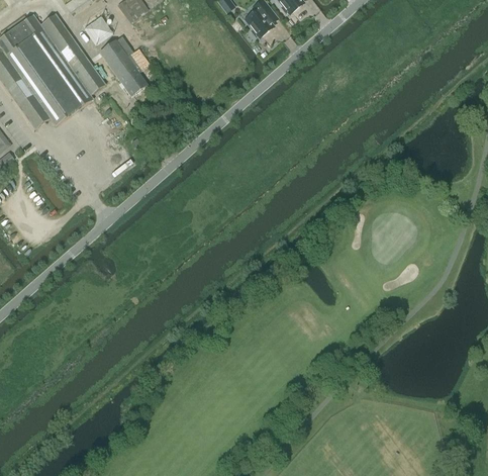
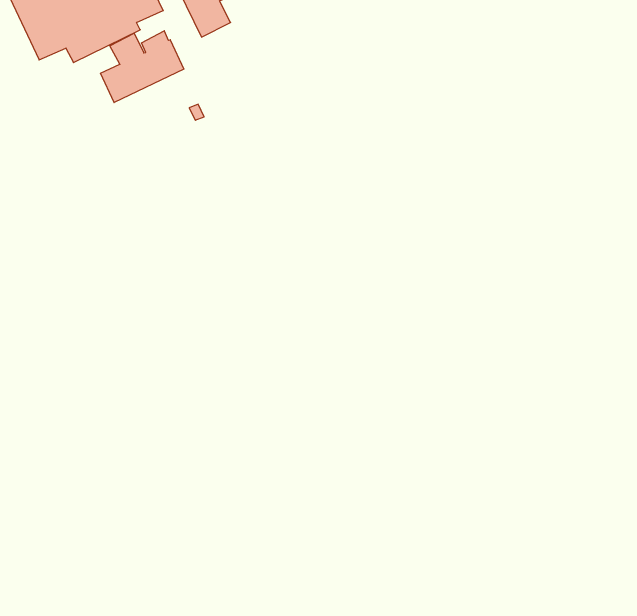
building: none -> [100,31,184,103]

